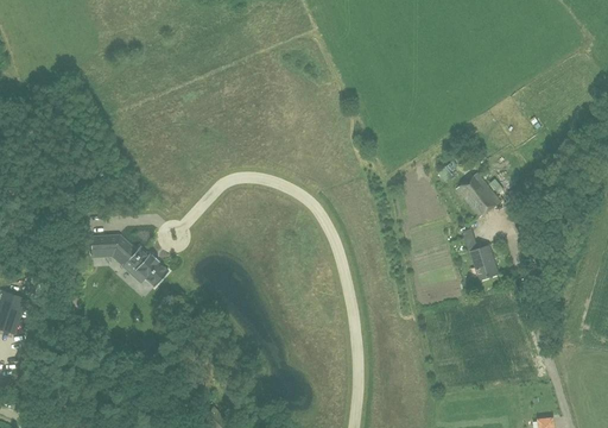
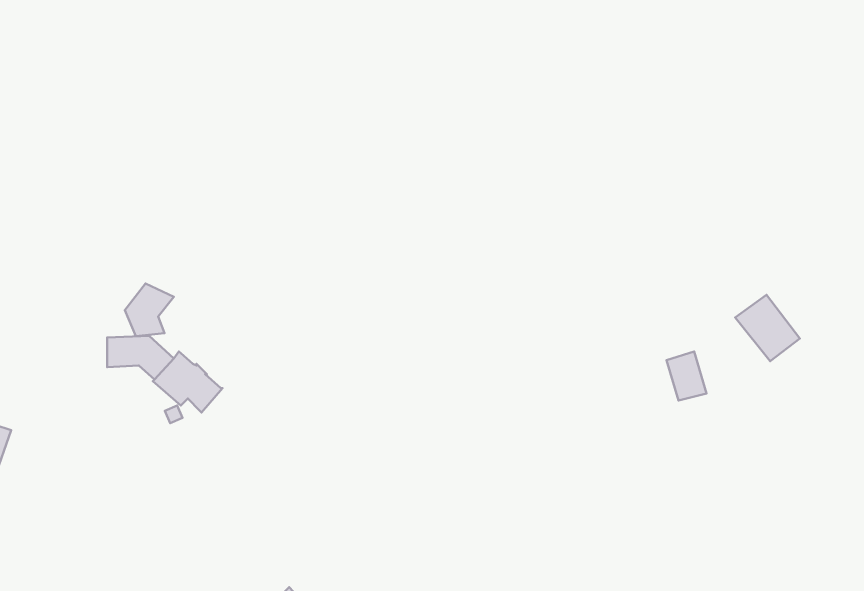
building: [455,171,499,216] -> [735,295,800,361]
building: none -> [125,283,174,336]

